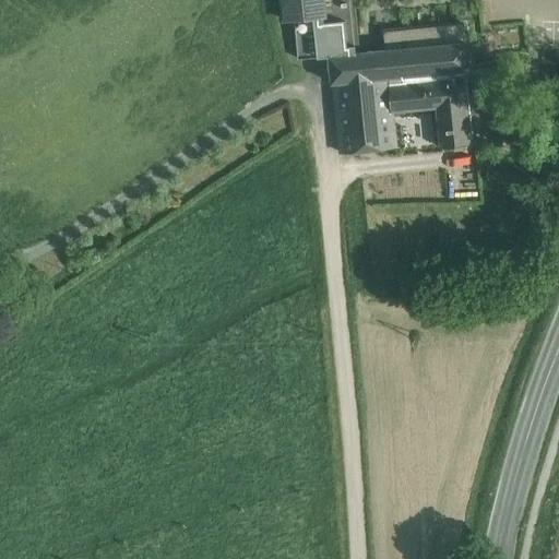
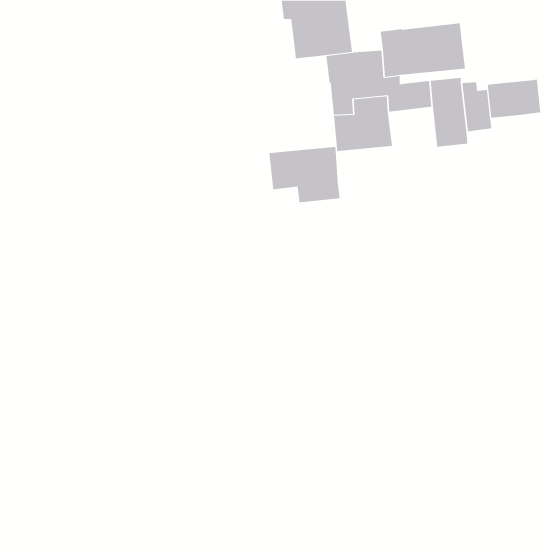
building: none -> [487,78,541,119]
building: none -> [269,146,340,203]

